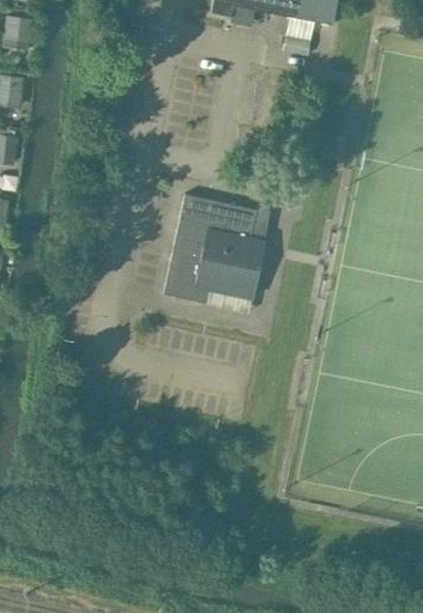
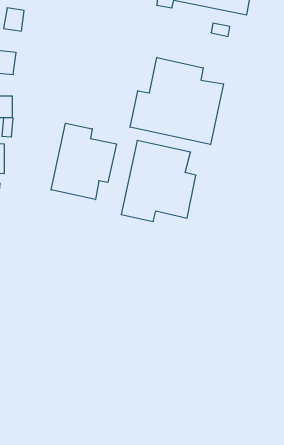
building: none -> [130,57,224,145]
building: none -> [51,123,116,200]

